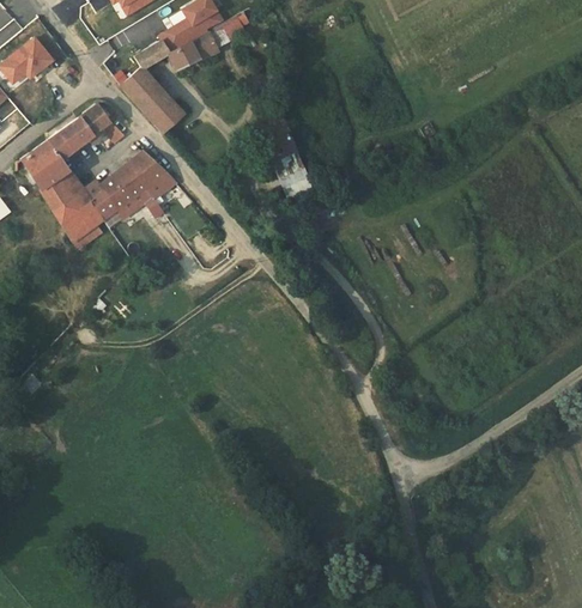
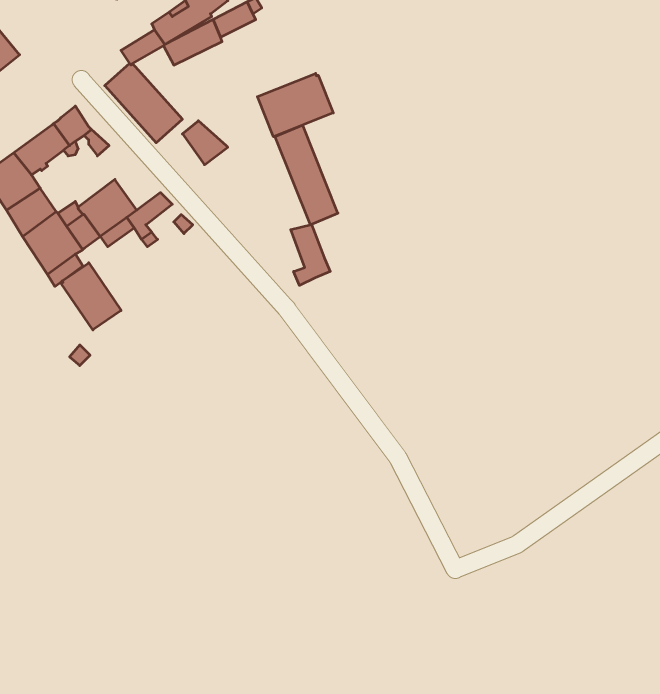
building: none -> [257,73,333,137]
building: [129,152,166,188] -> [182,121,228,165]
building: none -> [291,224,330,285]
building: none -> [61,263,121,330]

